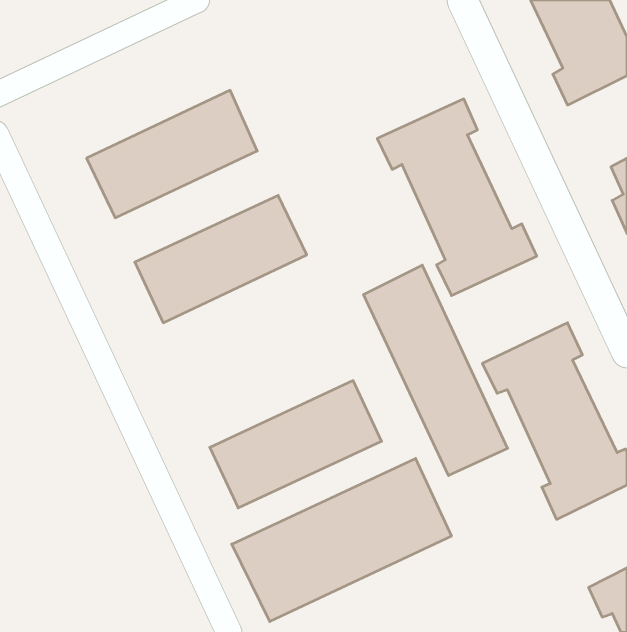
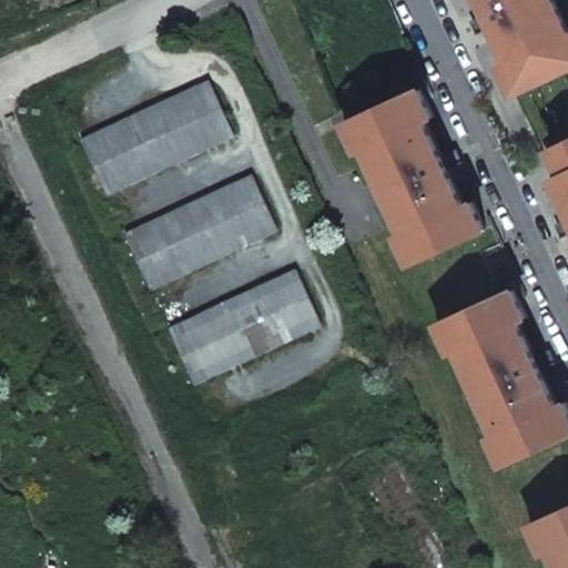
building: [364,265,508,476] -> none
building: [210,381,382,508] -> [165,270,320,384]
building: [232,458,451,622] -> none

